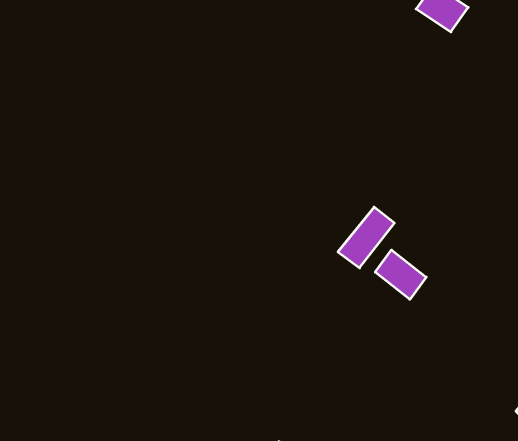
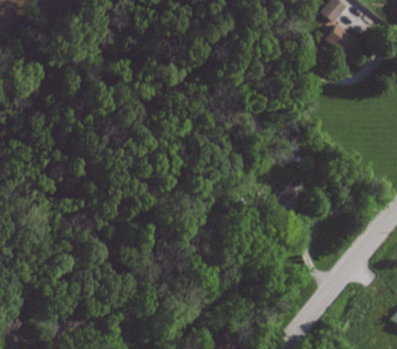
building: [375,250,426,299] -> none

